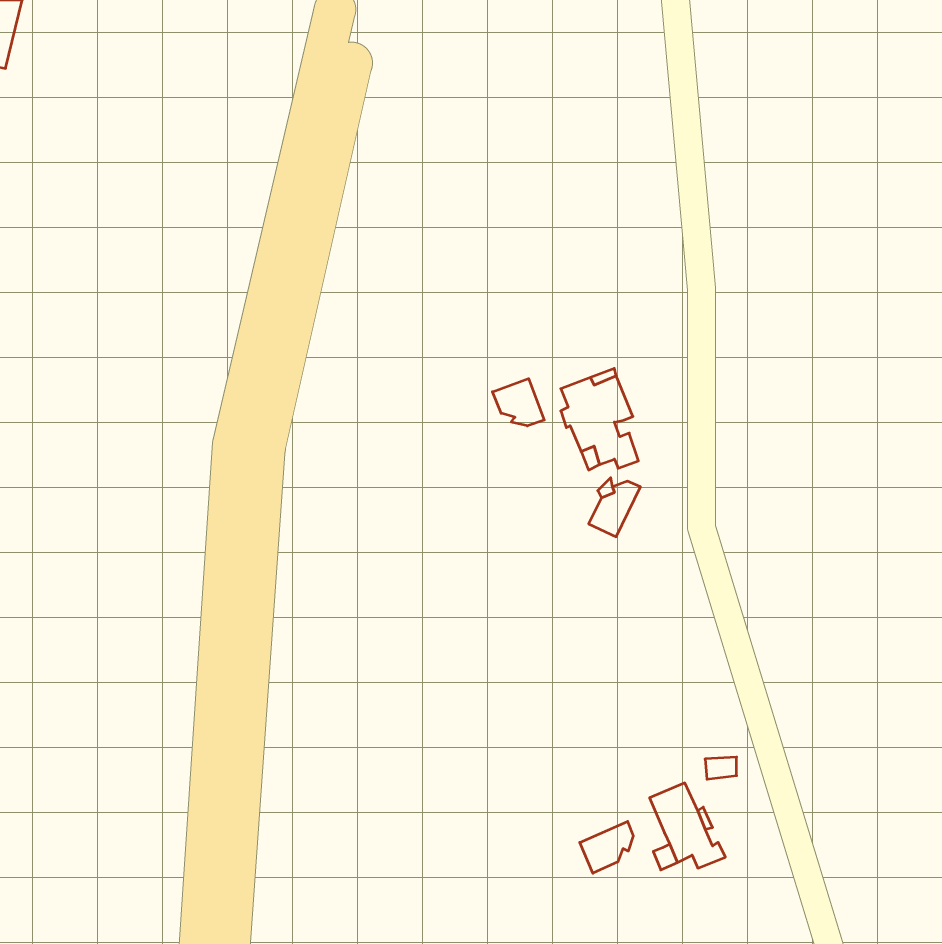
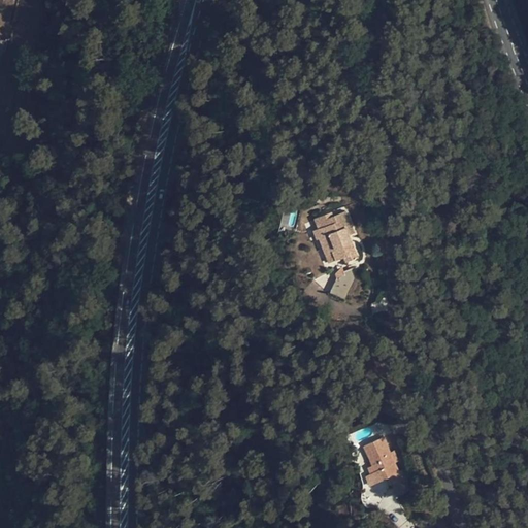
building: [492,379,544,426] -> none
building: [580,821,633,873] -> none

